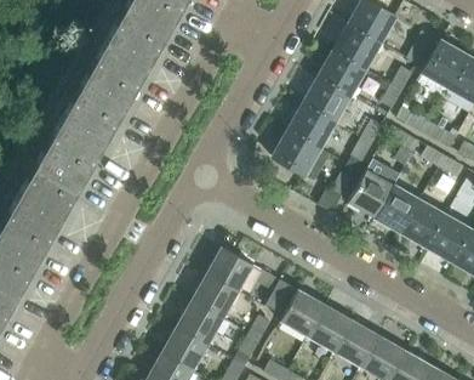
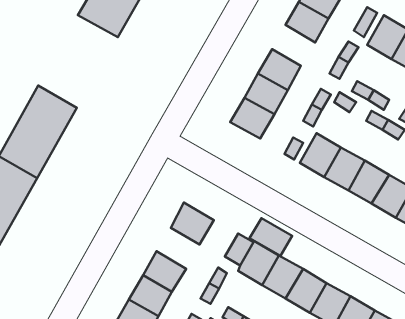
building: [62,40,149,142] -> none
building: [319,51,366,96] -> none
building: none -> [250,218,292,256]
building: [192,274,239,319] -> none

